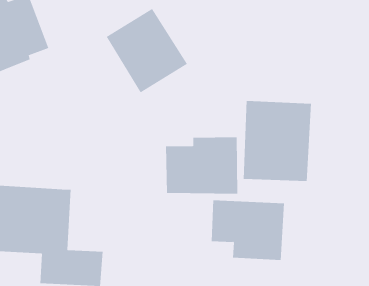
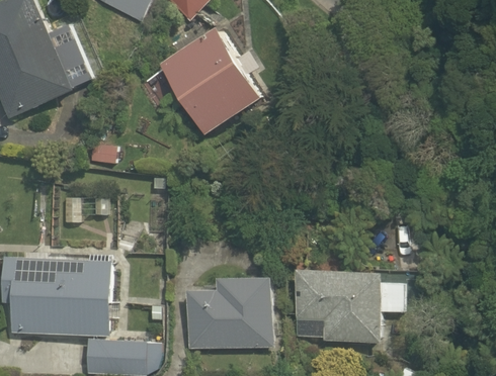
building: [243,100,311,182] -> none
building: [165,137,238,194] -> [181,278,271,349]

